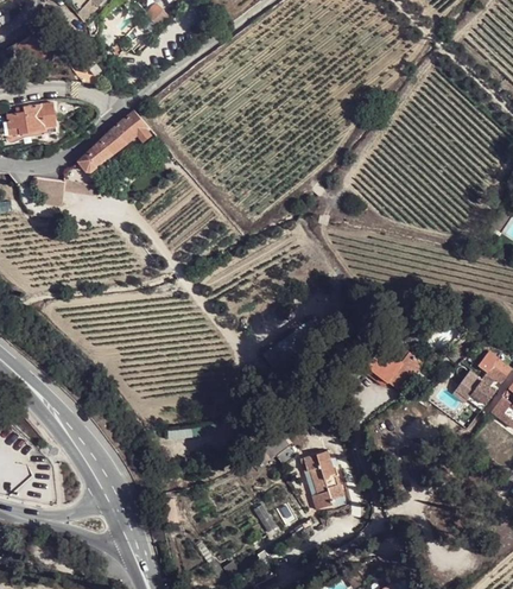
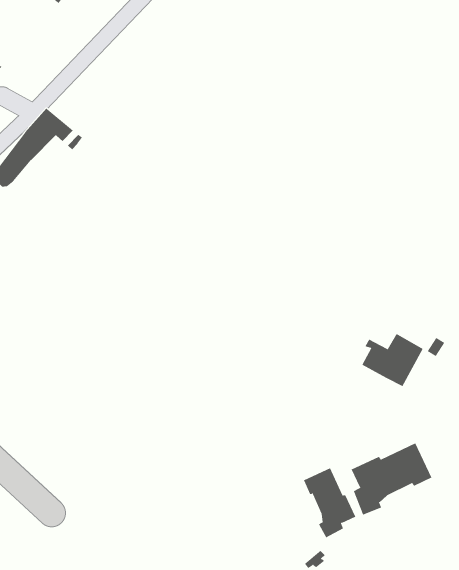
building: none -> [351,443,432,515]

